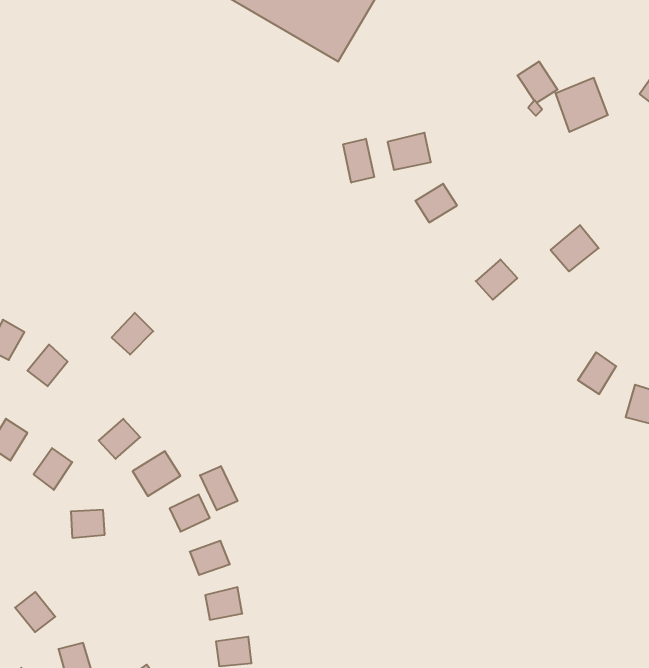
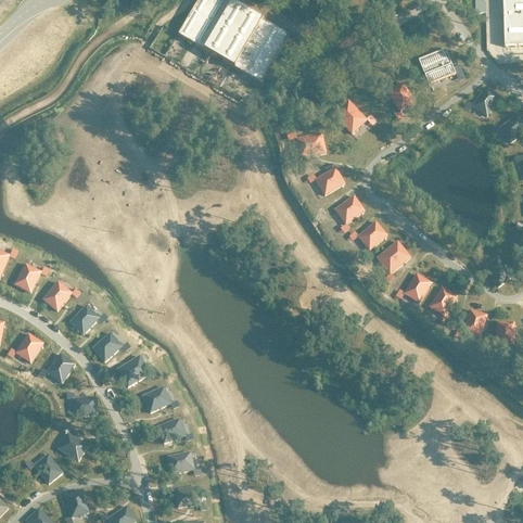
building: [555,78,608,132] -> [419,47,456,85]
building: none -> [334,99,367,132]
building: [343,139,374,183] -> none
building: none -> [335,194,365,222]
building: [551,225,599,271] -> [378,240,411,272]
building: [112,313,153,355] -> [71,304,100,333]
building: none -> [405,272,432,302]
building: [200,466,237,510] -> none
building: none -> [59,432,88,460]

